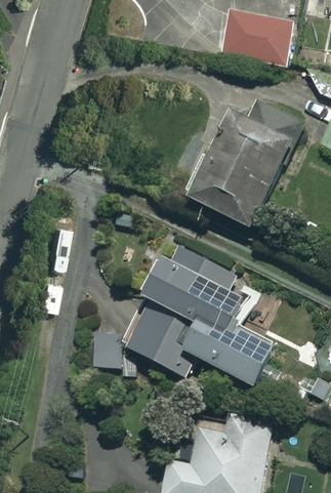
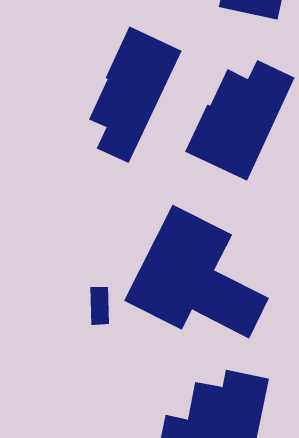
building: none -> [88,25,183,164]

